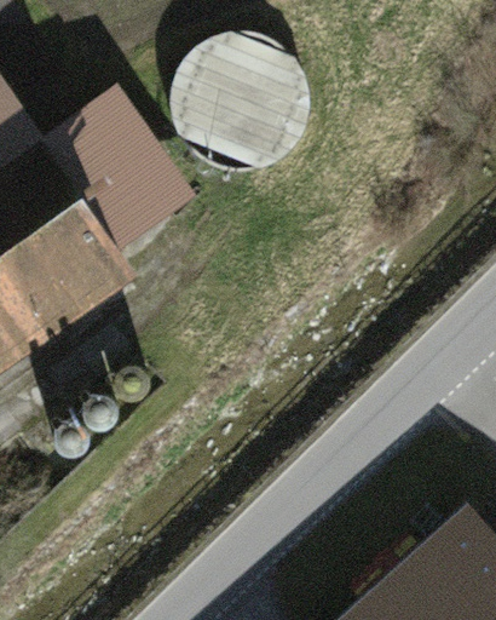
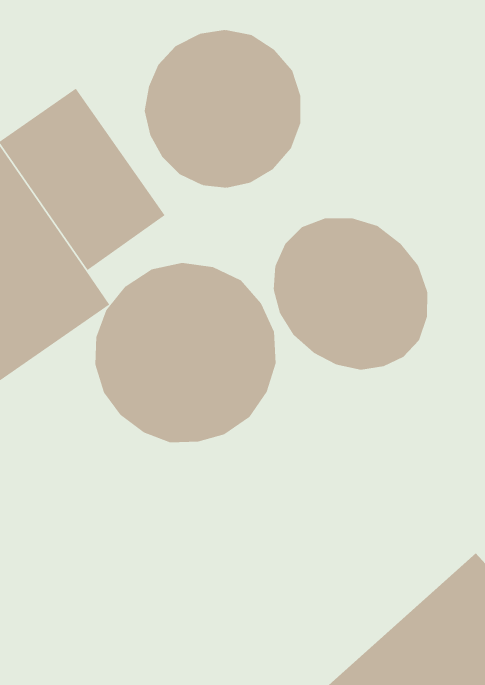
building: none -> [273,217,428,371]
building: none -> [95,262,276,443]

